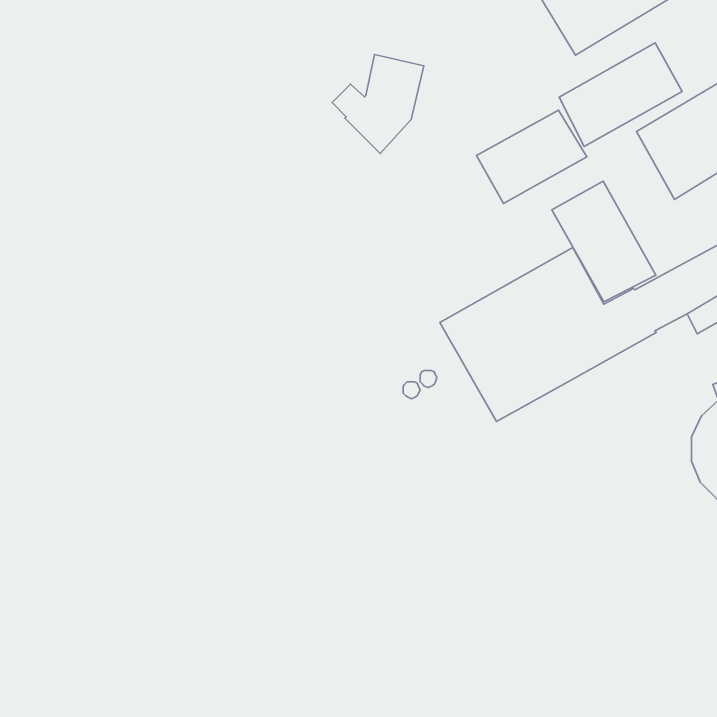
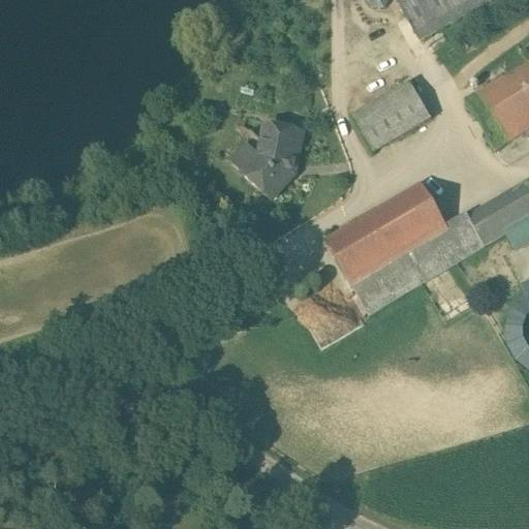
building: [559,43,682,147] -> none
building: [332,54,424,153] -> [237,121,304,193]
building: [552,181,656,302] -> none

